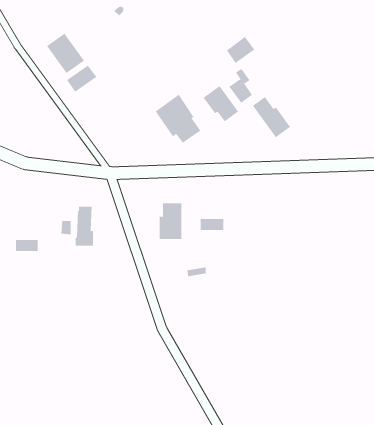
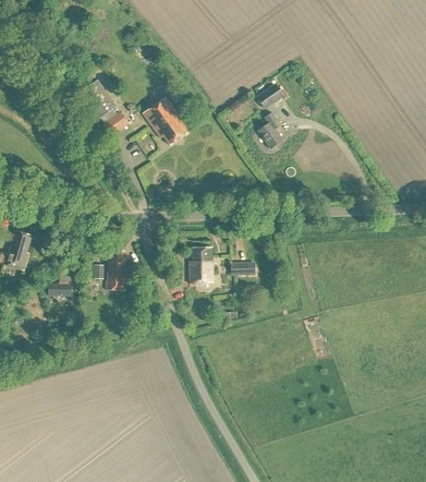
building: [203,85,239,122] -> none
building: [155,94,201,144] -> [143,96,188,145]
building: [252,96,291,138] -> none

